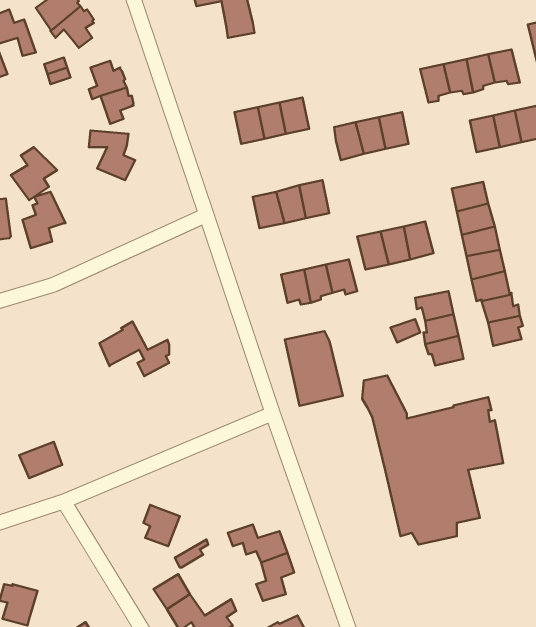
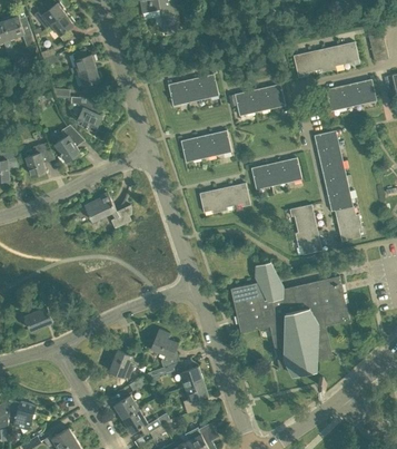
building: [11,147,57,200] -> [53,126,85,162]
building: [99,322,169,376] -> [85,192,131,228]
building: [285,331,343,406] -> [230,283,269,333]
building: none -> [151,330,180,368]

